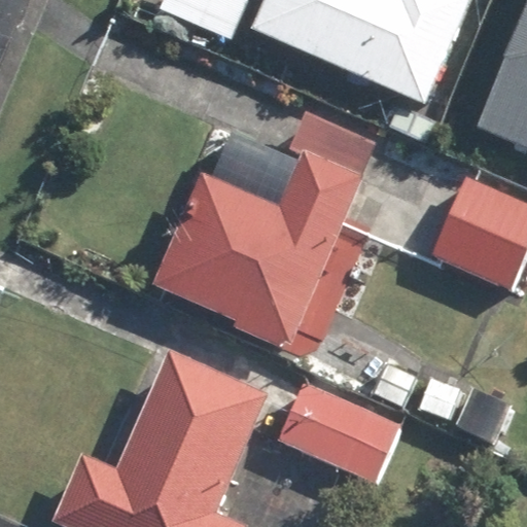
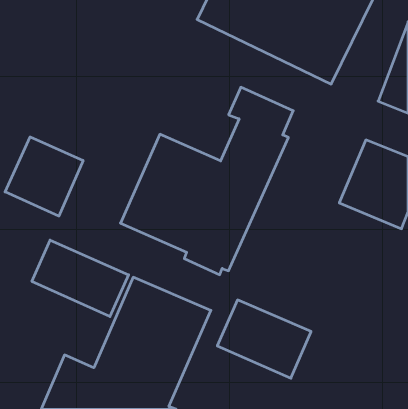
building: none -> [5,137,83,216]
building: none -> [32,240,129,317]

